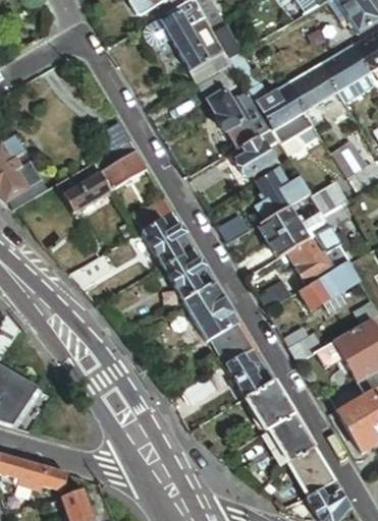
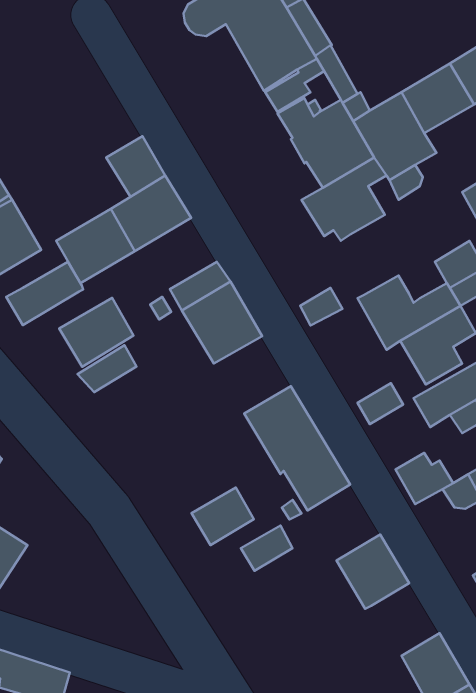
building: [255,161,309,221] -> none
building: none -> [6,262,83,325]
building: none -> [59,298,134,367]
building: [163,248,215,300] -> none
building: [226,348,275,399] -> none
building: none -> [192,487,254,545]
building: [269,414,315,463] -> none

